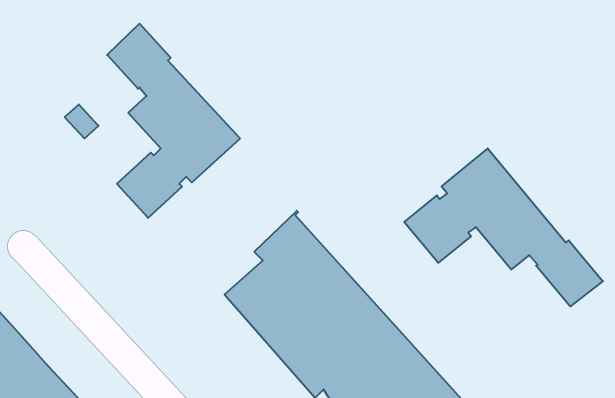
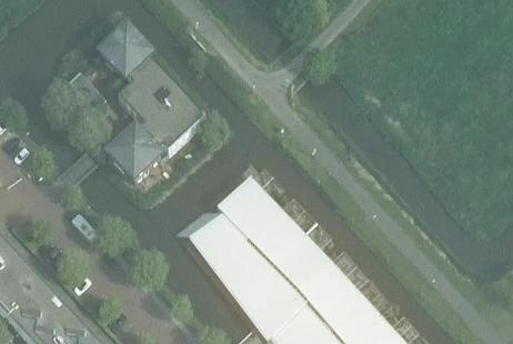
building: [404,148,603,306] -> none

